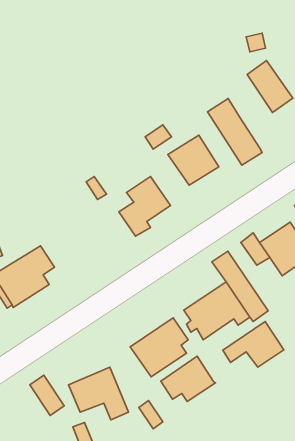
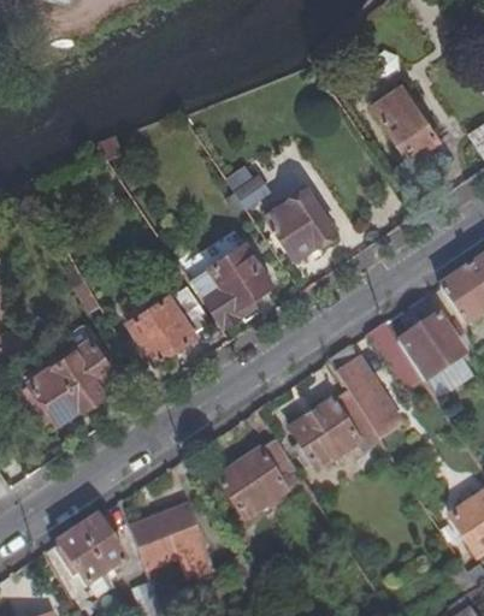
building: [207,98,262,165] -> none
building: none -> [129,280,214,361]
building: [223,321,284,367] -> none
building: [161,356,215,402] -> none
building: none -> [59,529,106,588]

